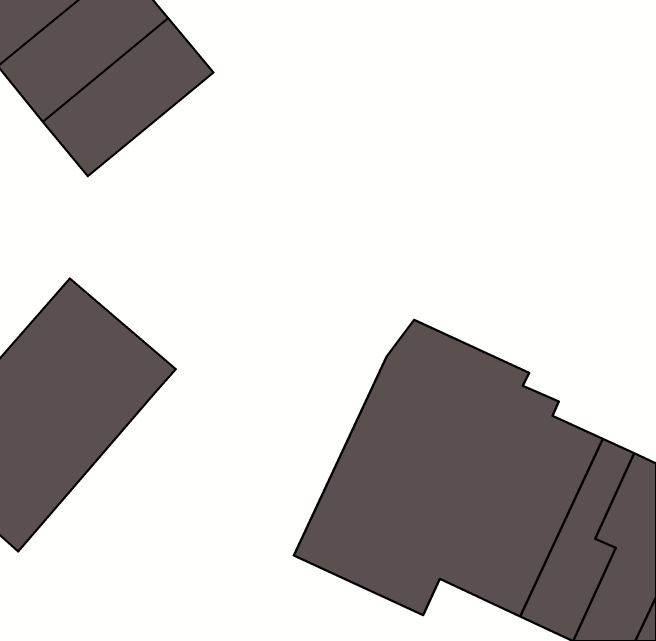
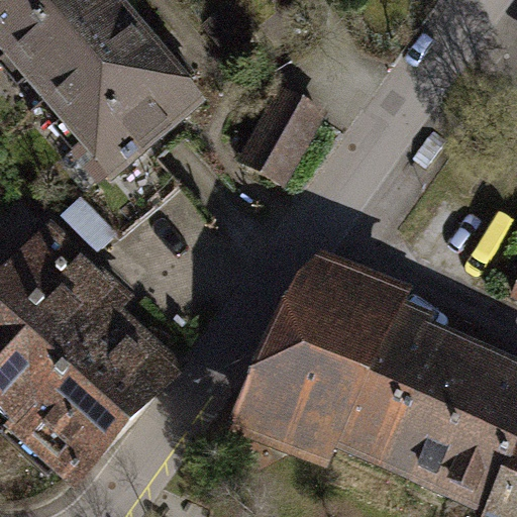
building: none -> [69,57,202,180]
building: none -> [240,76,323,175]
building: none -> [14,306,185,484]

